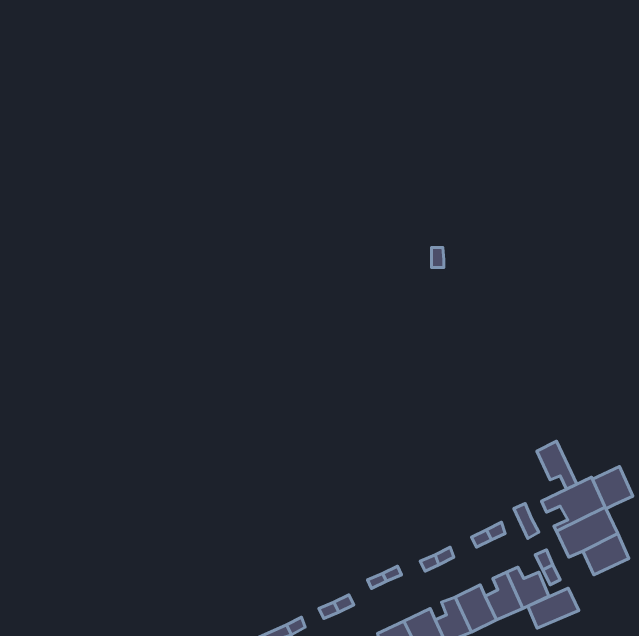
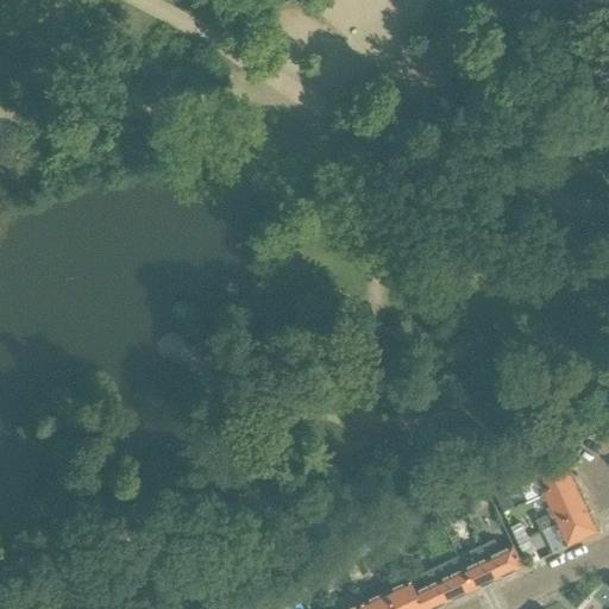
building: [537,441,577,489] -> none
building: [593,466,633,509] -> none
building: [528,588,579,628] -> none

